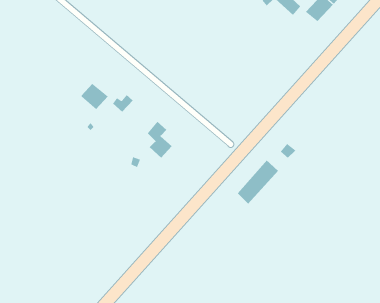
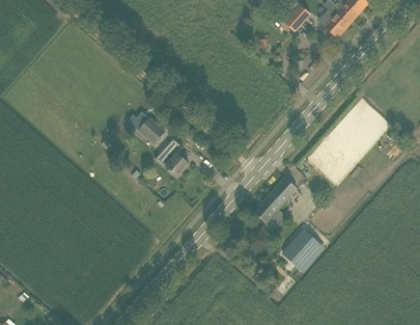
building: [81,83,109,110] -> [138,117,166,144]
building: none -> [283,231,319,268]

